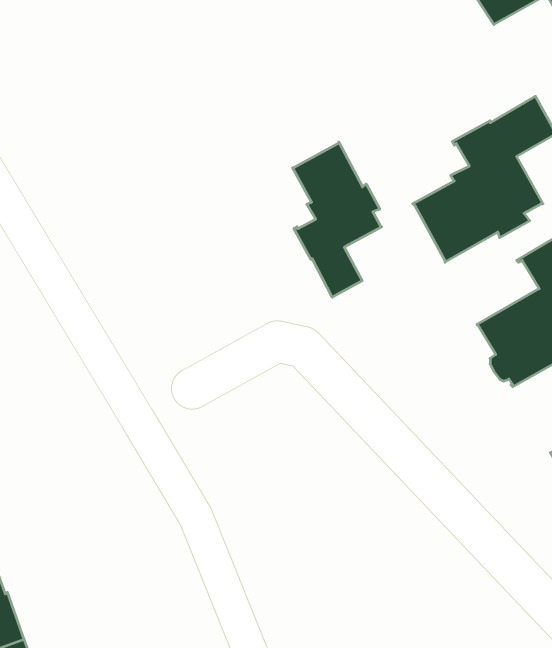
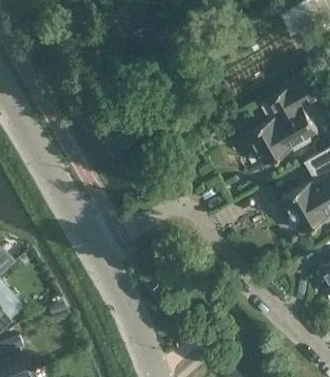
building: [293,142,382,297] -> none

